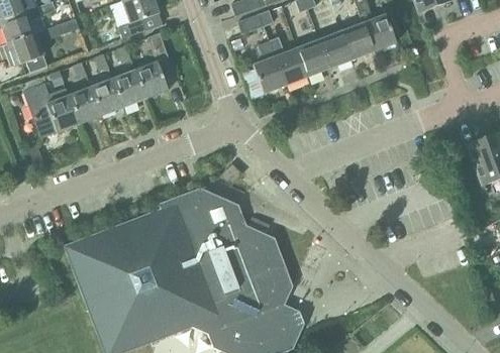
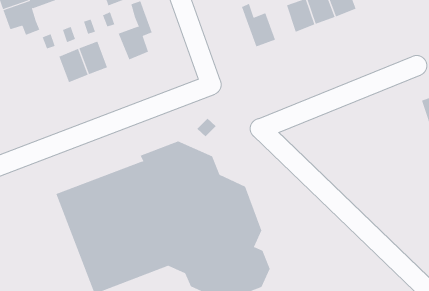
building: [297,37,329,76] -> none
building: [253,39,286,92] -> none
building: [111,69,145,106] -> none
building: [22,83,79,137] -> none

